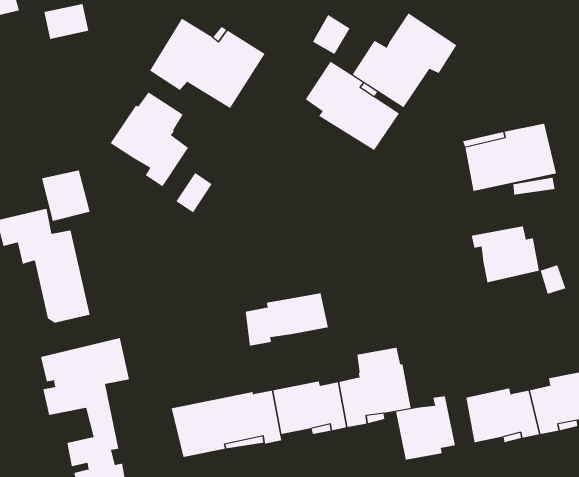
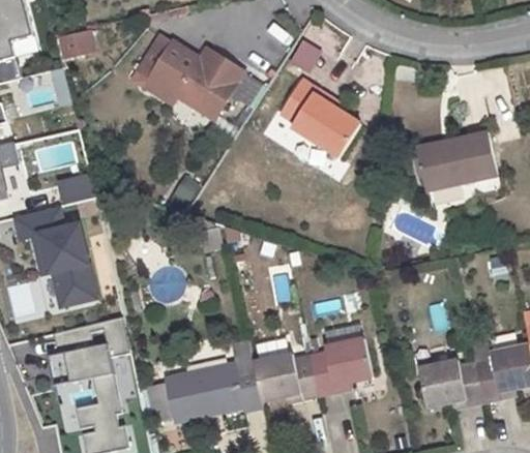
building: [352,12,457,108] -> none
building: [110,91,189,187] -> none
building: [471,225,539,283] -> none
building: [245,292,328,347] -> none
building: [396,395,456,460] -> none

